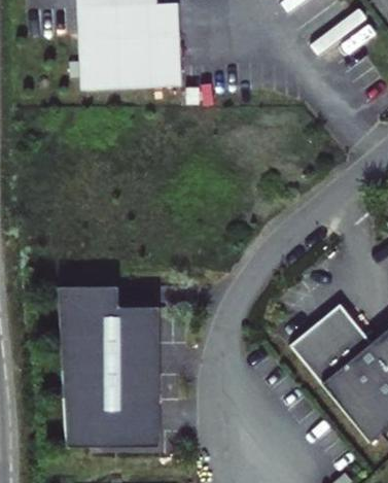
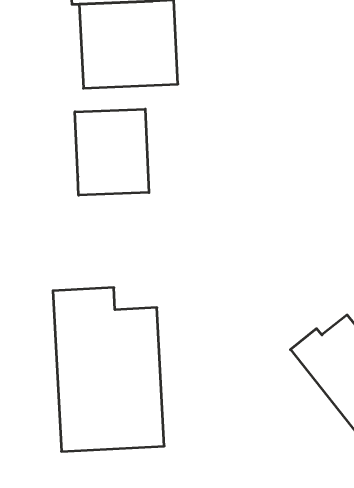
building: none -> [75,109,149,195]

